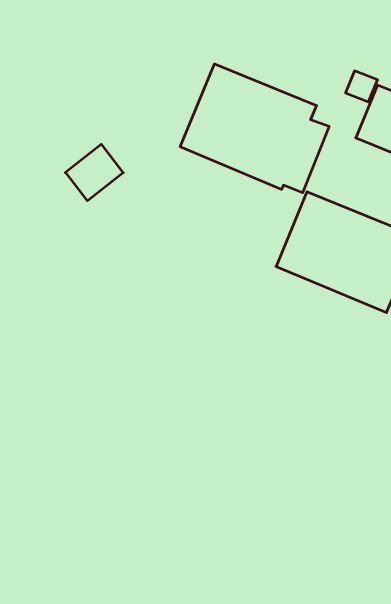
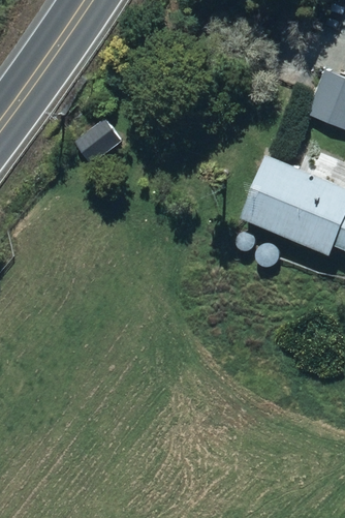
building: [180,64,329,193] -> none

